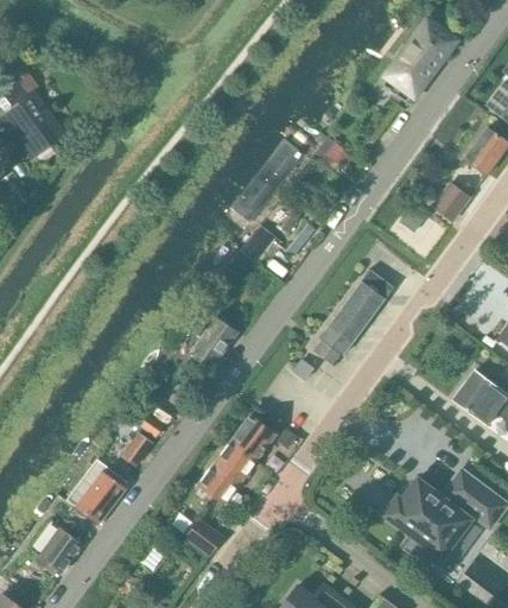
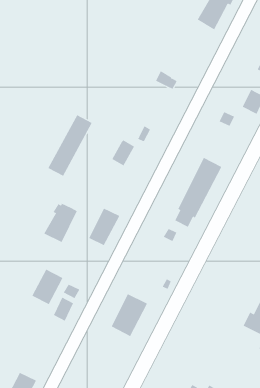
building: [230,138,304,222] -> [48,114,93,177]
building: none -> [44,203,78,243]
building: [230,414,277,461] -> none
building: [76,471,125,522] -> [32,269,63,305]
building: [184,518,224,557] -> none

